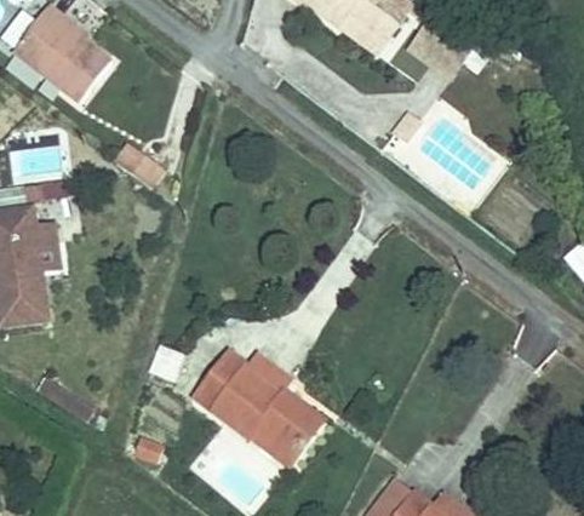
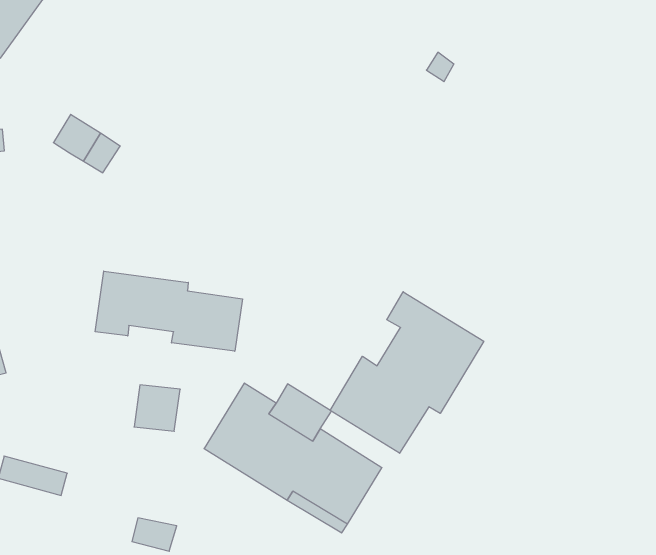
building: none -> [95,271,242,351]
building: none -> [330,292,484,453]

